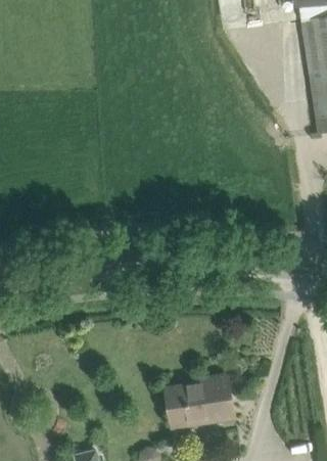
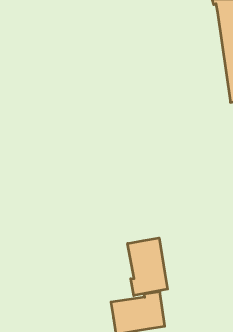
building: none -> [128,238,168,296]

